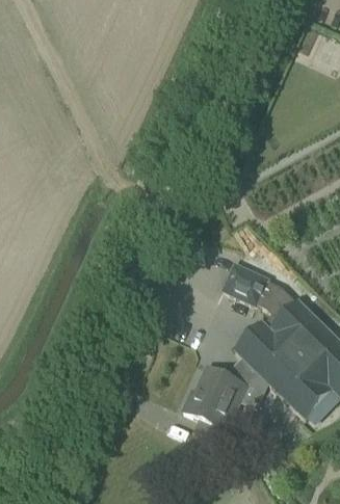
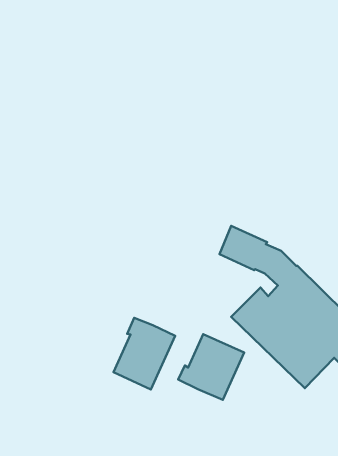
building: none -> [113,318,175,389]

